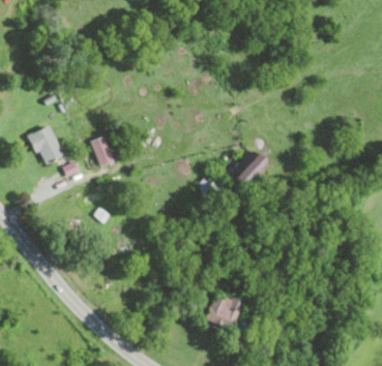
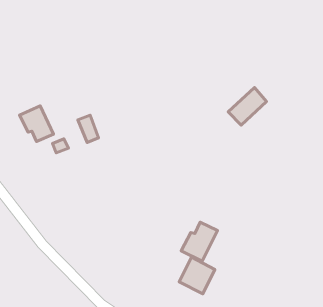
building: [225,149,267,190] -> [228,87,267,125]
building: none -> [181,222,217,261]

